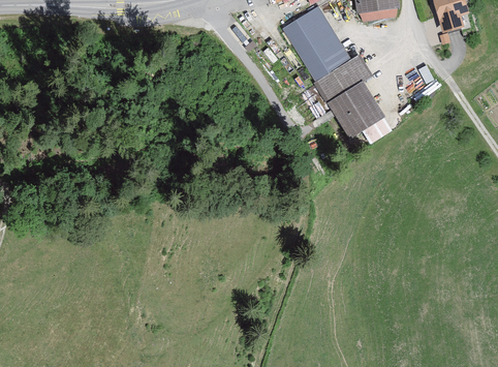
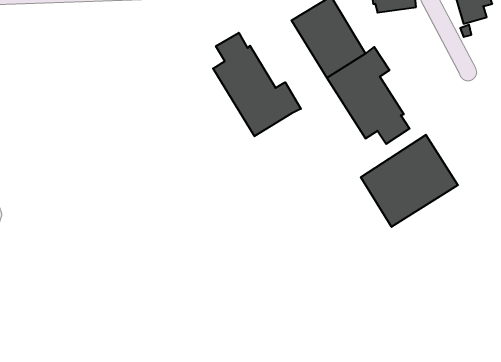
building: none -> [213,33,301,136]
building: none -> [361,135,458,227]

